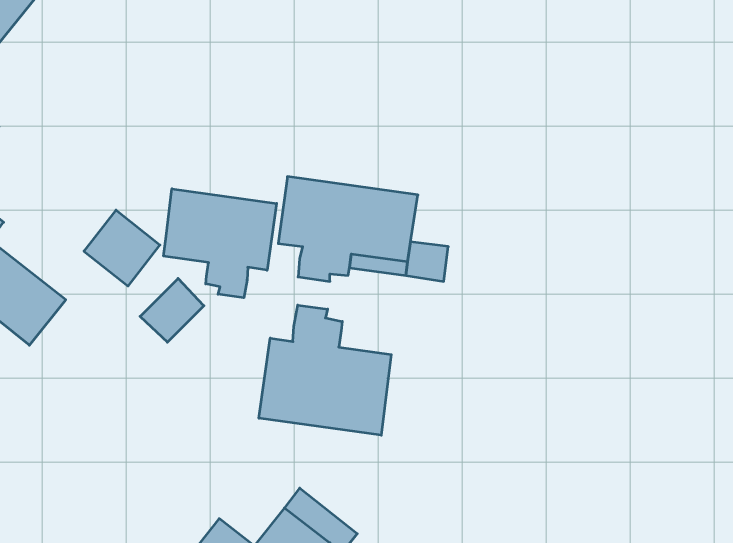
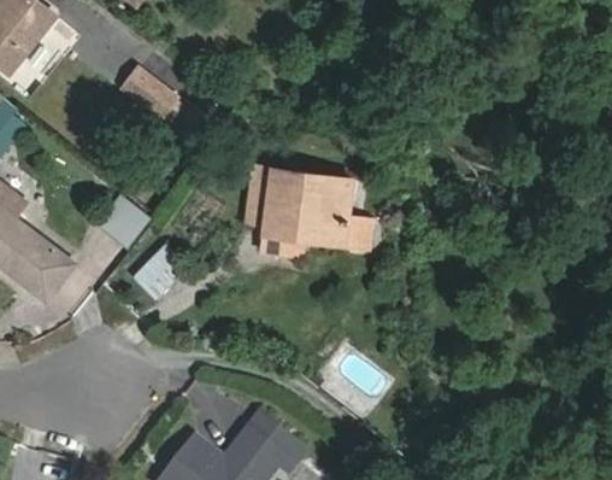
building: none -> [123,69,177,118]
building: [164,189,277,298] -> none
building: [259,305,391,435] -> none

